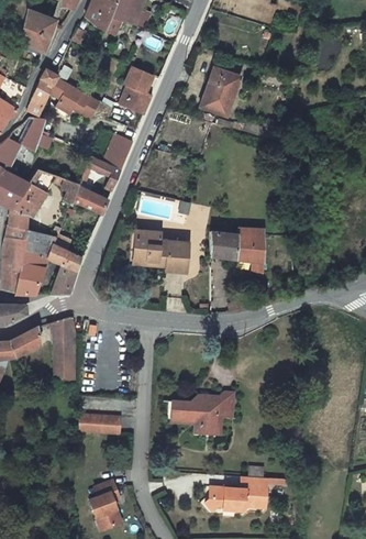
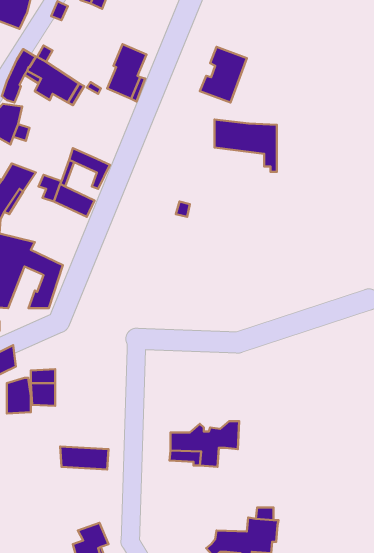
building: [104,134,133,170] -> none
building: [132,231,190,274] -> none
building: [210,232,264,277] -> [215,120,277,172]
building: [54,318,75,349] -> [7,378,31,413]

